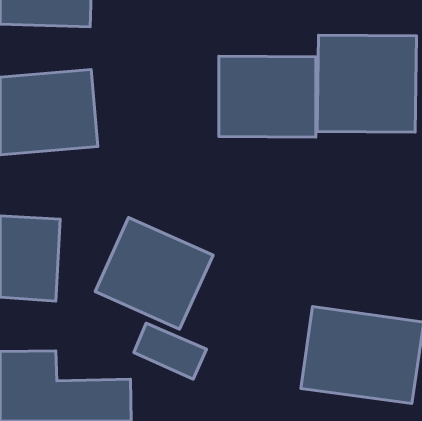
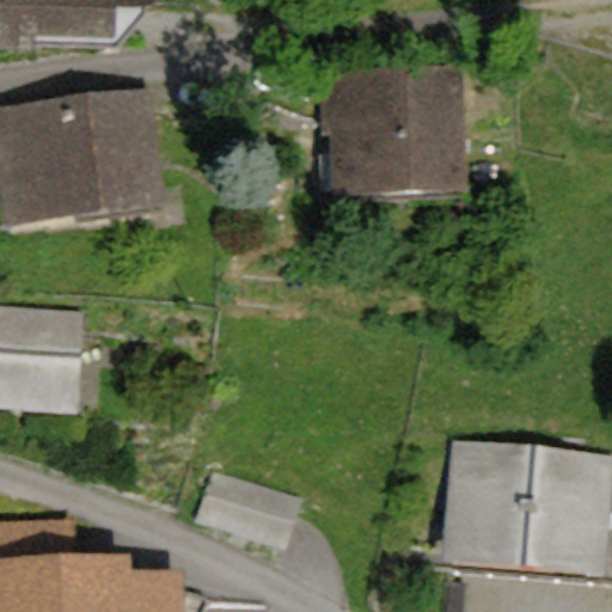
building: [317,35,417,132] -> none
building: [95,218,213,329] -> none

